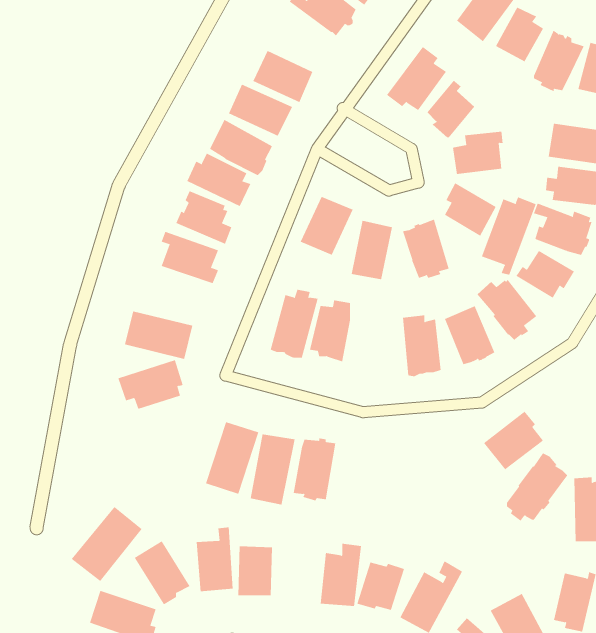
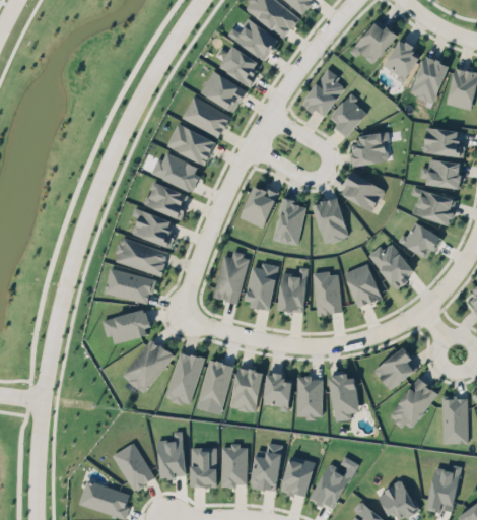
building: none -> [218,46,261,86]
building: [481,196,536,276] -> none
building: none -> [114,238,168,276]
building: none -> [278,268,308,317]
building: none -> [264,368,292,409]
building: none -> [329,369,360,419]
building: none -> [296,373,323,417]
building: [71,506,142,582] -> [119,338,173,395]
building: none -> [221,446,247,488]

